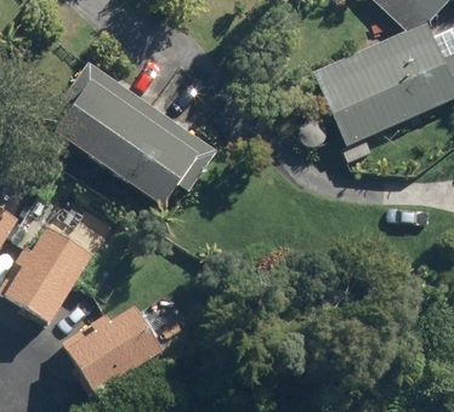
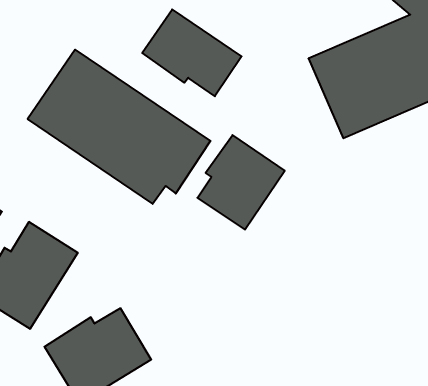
building: none -> [142,9,242,96]
building: none -> [197,135,285,230]

